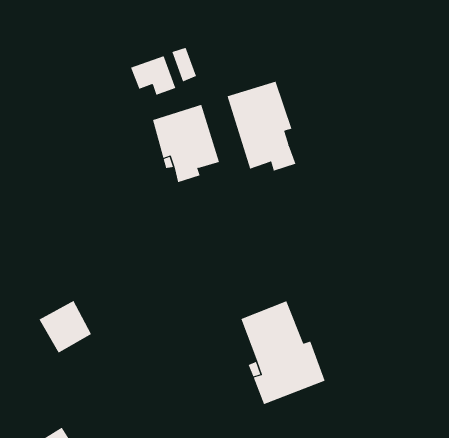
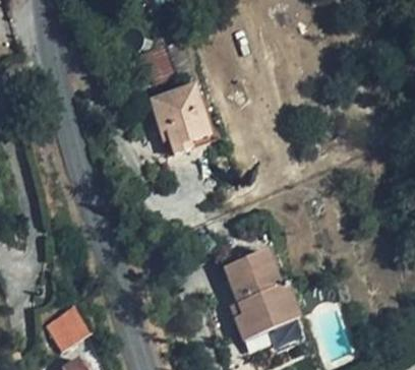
building: [227,81,296,171] -> none
building: [39,300,92,353] -> [47,305,92,350]

